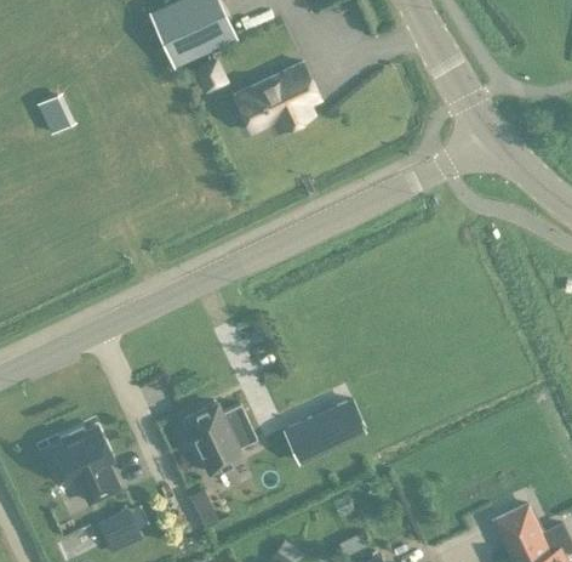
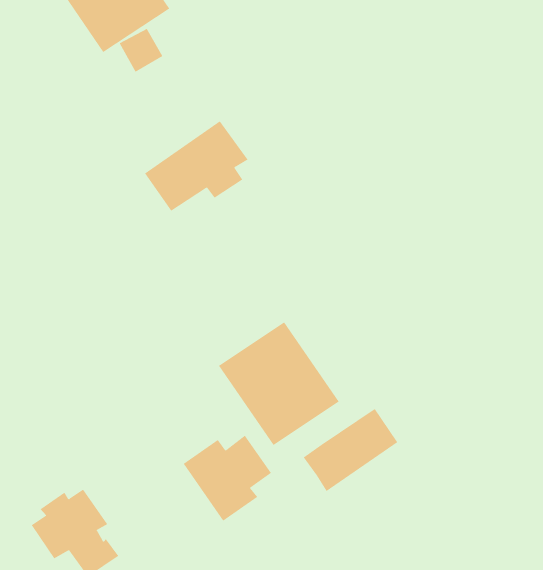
building: [231,63,320,132] -> [144,120,249,211]
building: none -> [218,321,340,446]

